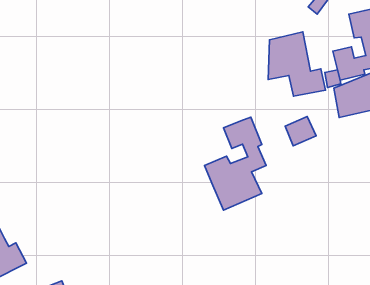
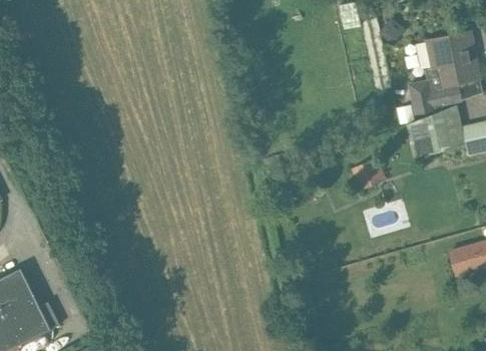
building: [268,32,326,96] -> none
building: [204,117,266,210] -> none

